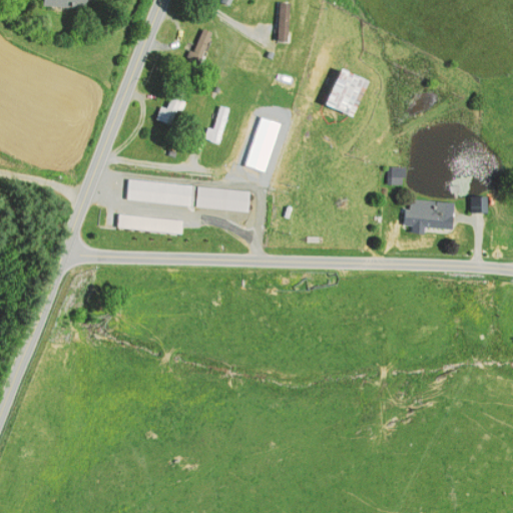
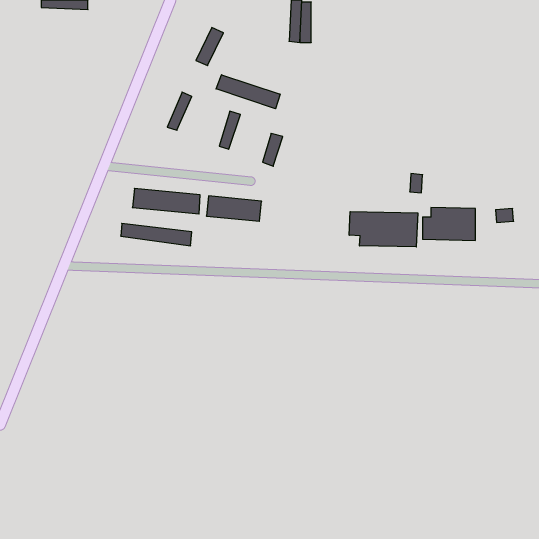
building: [325,70,363,114] -> none
building: none -> [216,75,280,109]
building: none -> [349,212,418,247]

